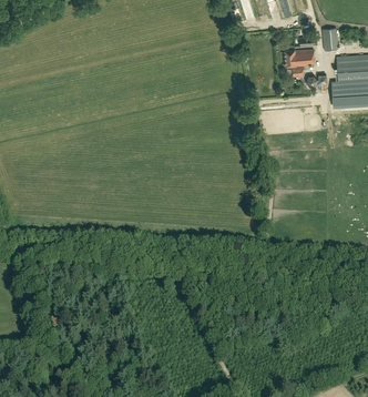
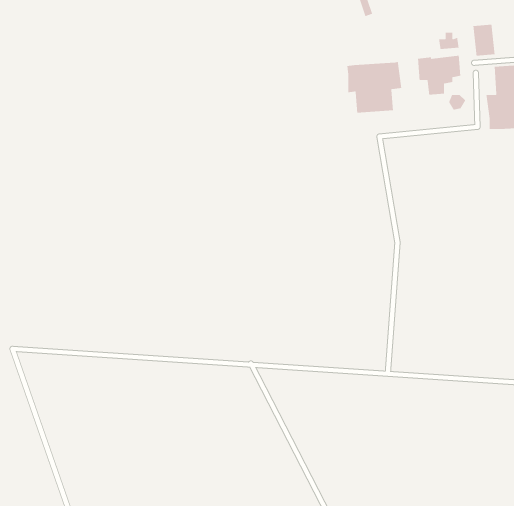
building: none -> [346,61,402,113]

